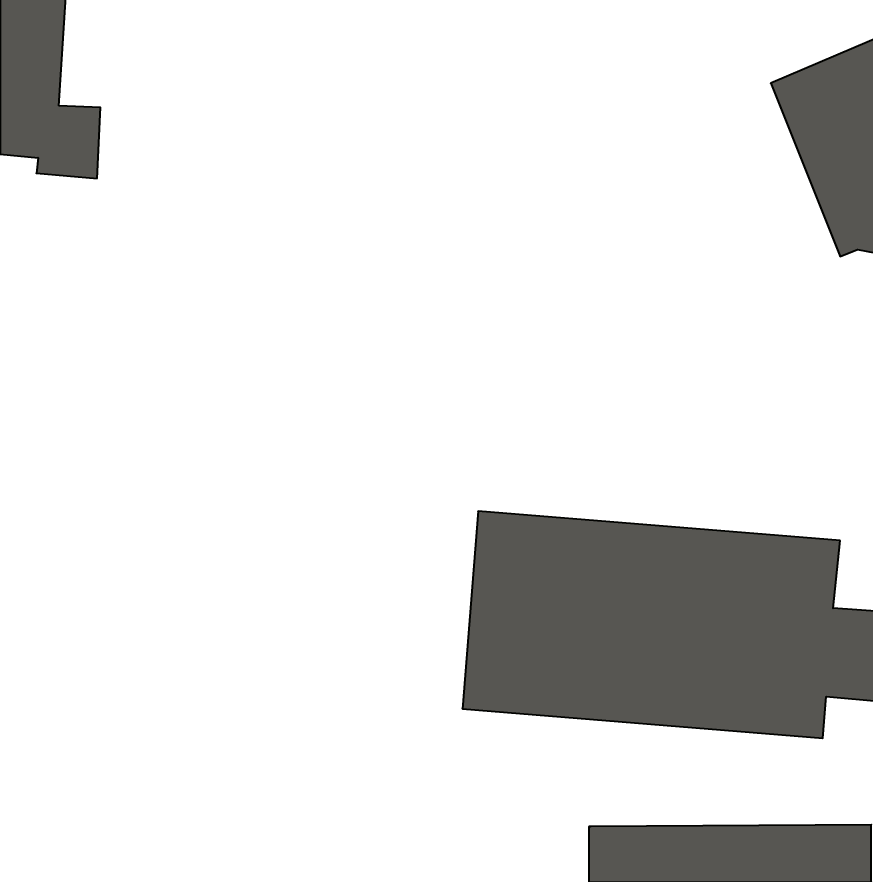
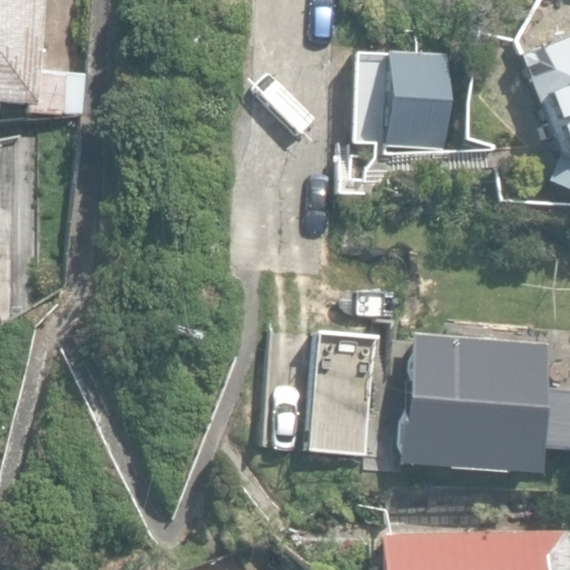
building: none -> [357,52,453,144]

